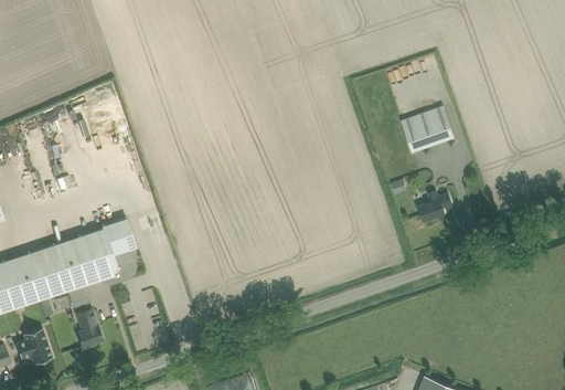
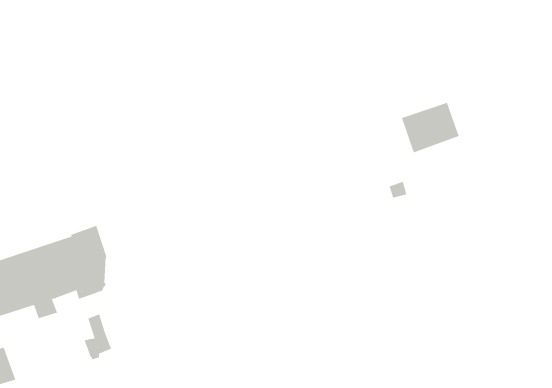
building: [417,192,451,223] -> none
building: [76,308,102,350] -> [84,314,112,360]

